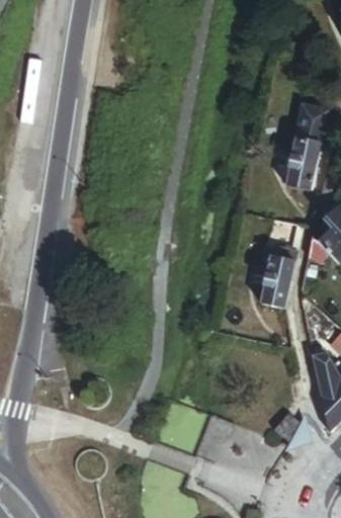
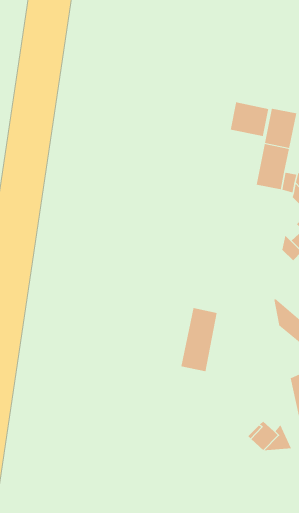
building: none -> [230,102,269,137]
building: [261,245,297,308] -> [180,308,218,372]

